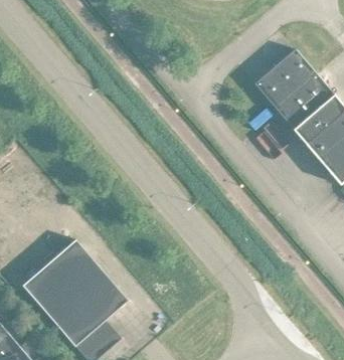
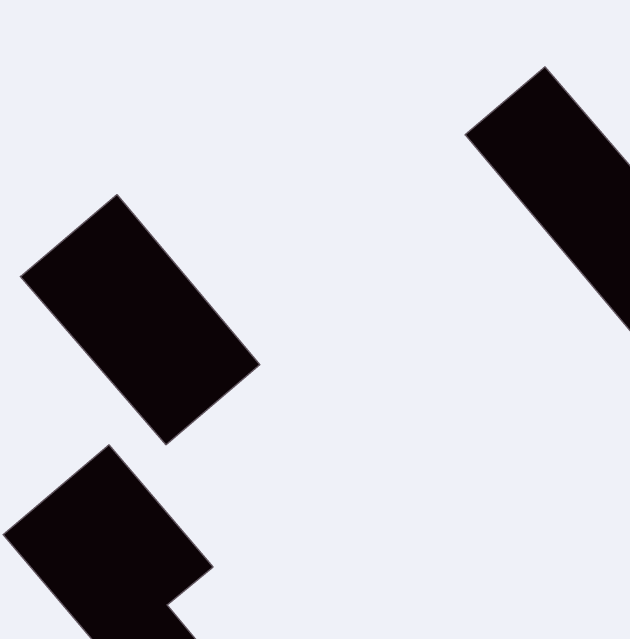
building: none -> [20,195,260,445]

